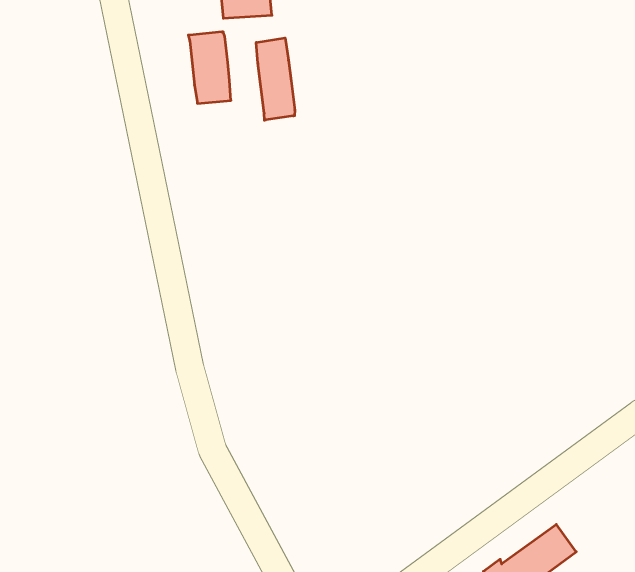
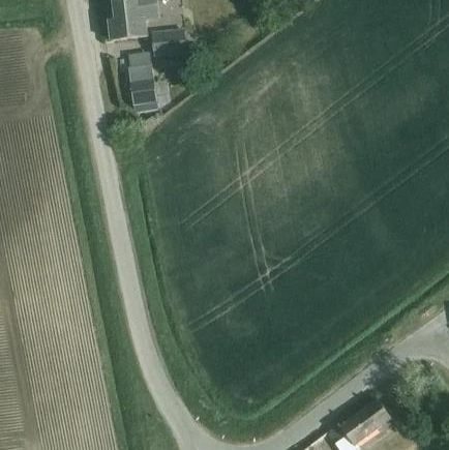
building: [256,38,295,120] -> none

